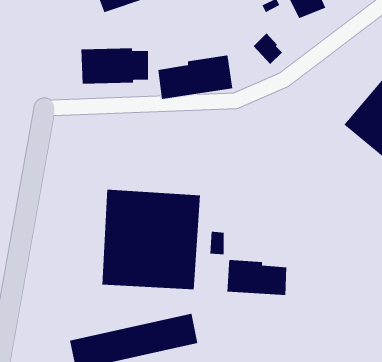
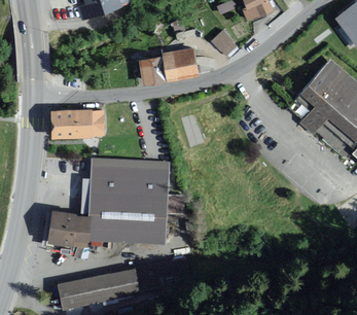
building: [81,48,149,84] -> [46,108,103,138]
building: none -> [44,211,84,246]
building: [227,259,287,296] -> none

